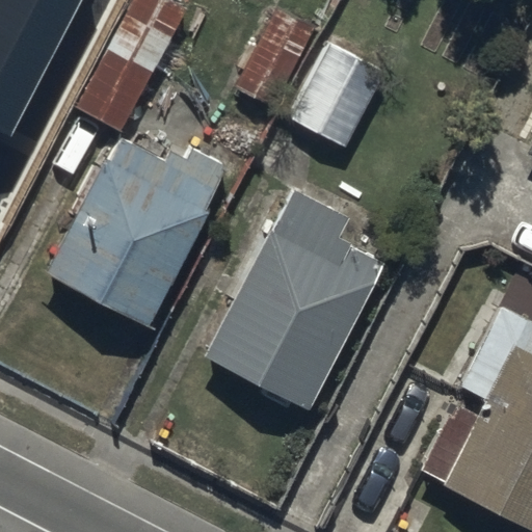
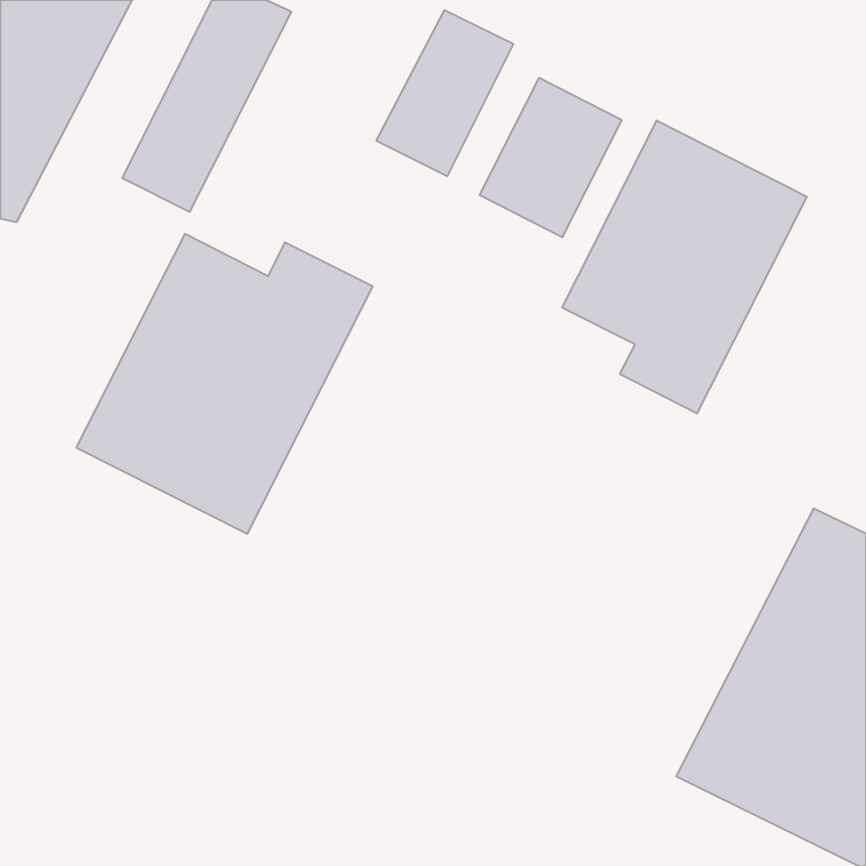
building: none -> [562,120,807,414]
building: [204,188,385,409] -> none

